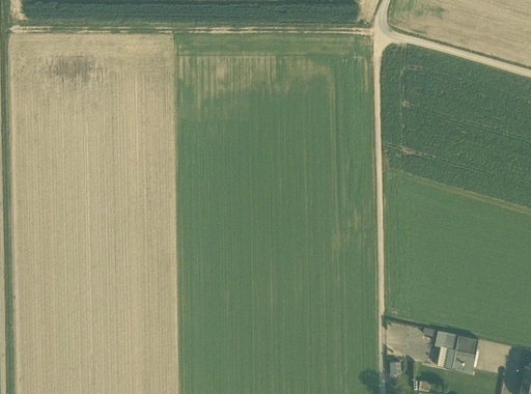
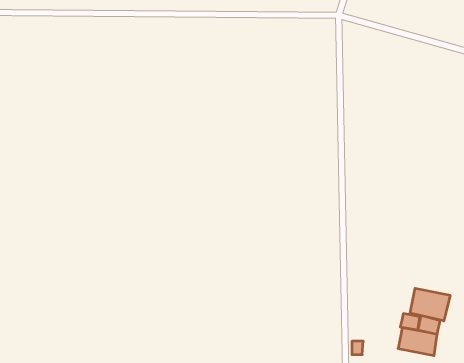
building: none -> [410,288,450,321]

